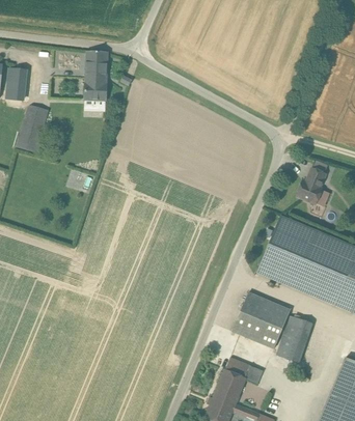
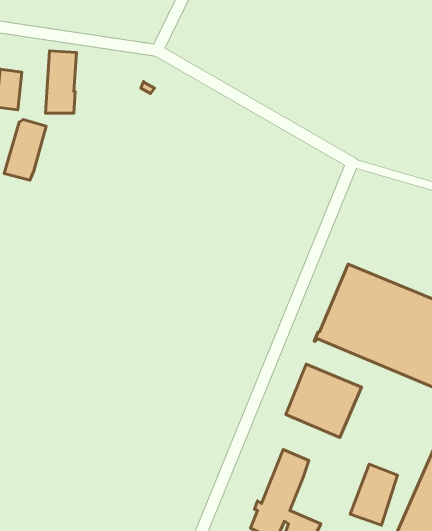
building: [84,51,108,99] -> [46,51,77,113]
building: [296,167,326,203] -> none
building: [277,314,313,361] -> [350,464,398,525]

